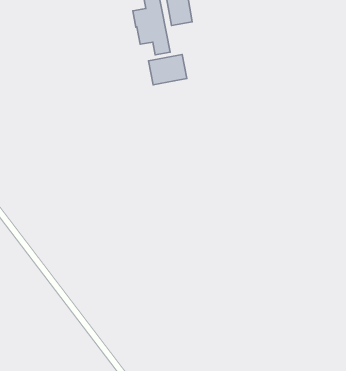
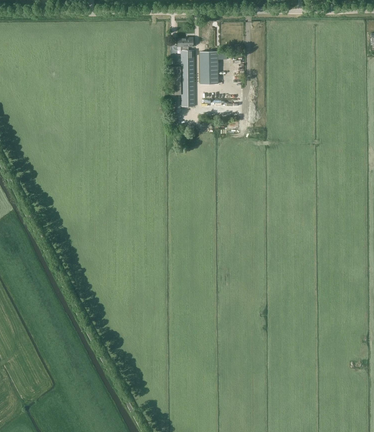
building: [149,54,187,85] -> none

